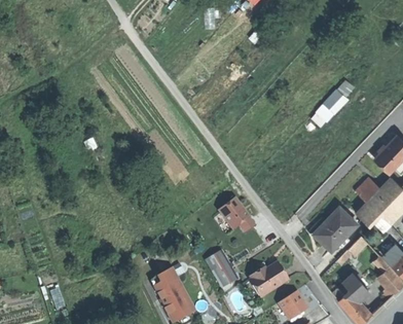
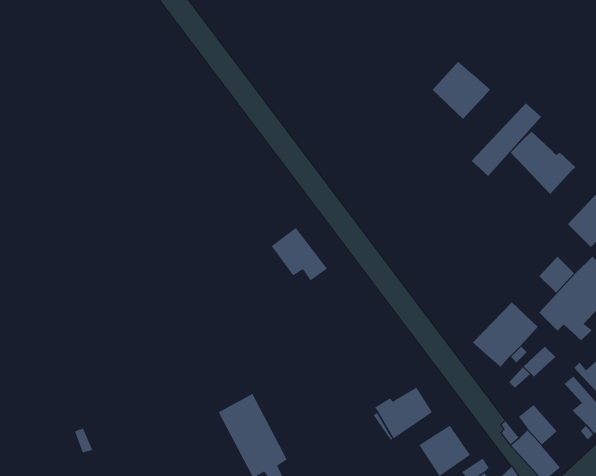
building: none -> [432,61,491,120]
building: none -> [510,131,576,195]
building: [218,196,255,231] -> [271,227,328,281]
building: [208,249,239,286] -> none

